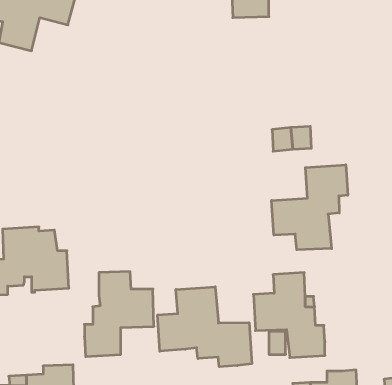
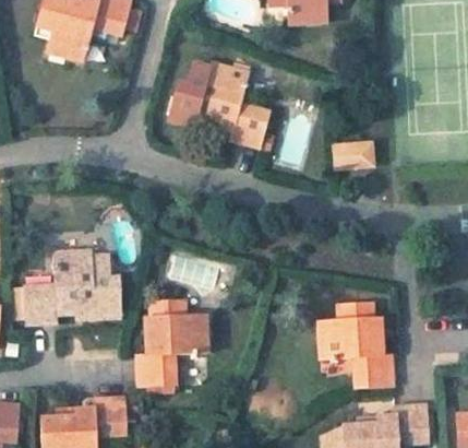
building: none -> [168,61,271,148]
building: [272,165,348,250] -> none
building: [158,287,252,367] -> none

